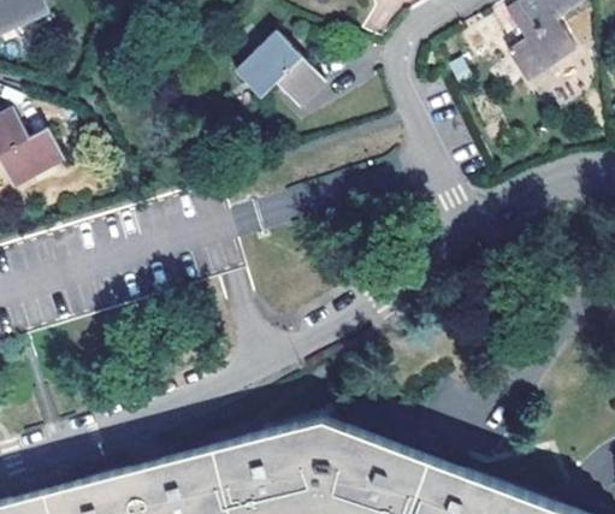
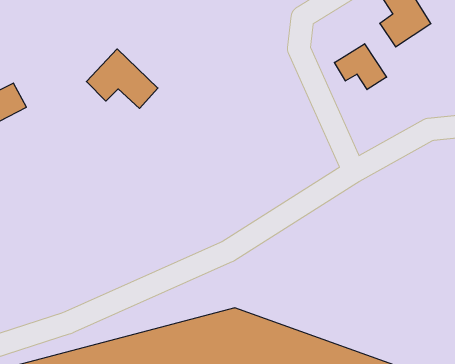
building: [229,25,321,102] -> [86,49,158,108]
building: none -> [334,44,387,90]

